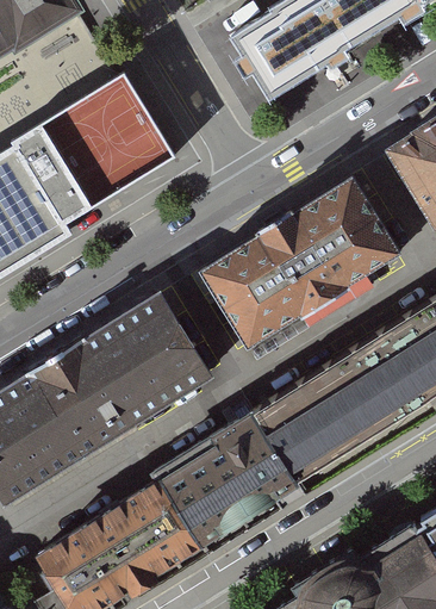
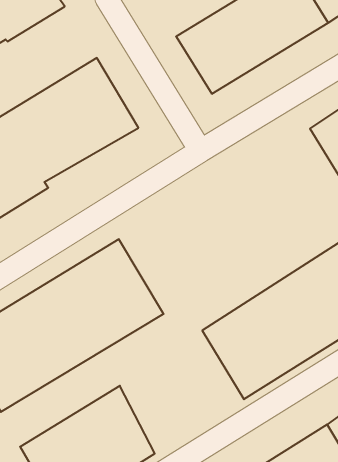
building: [198,178,403,355] -> none
building: [155,406,307,558] -> none

